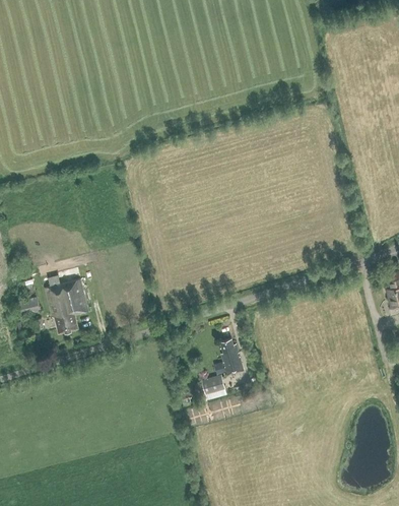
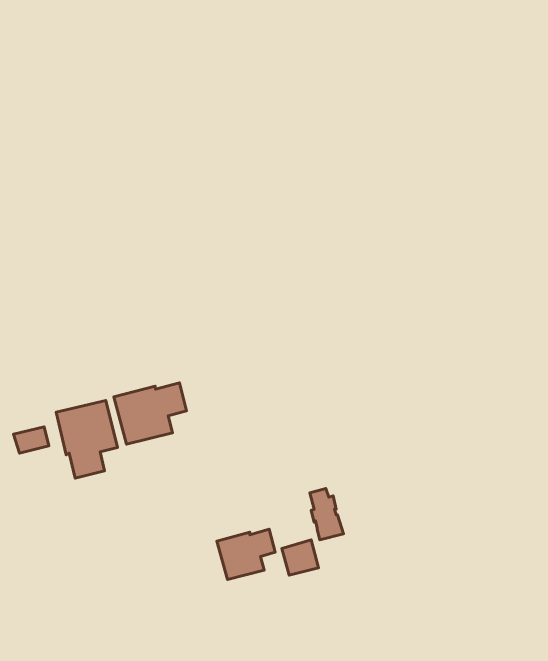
building: none -> [114,383,187,444]
building: none -> [217,529,275,580]

